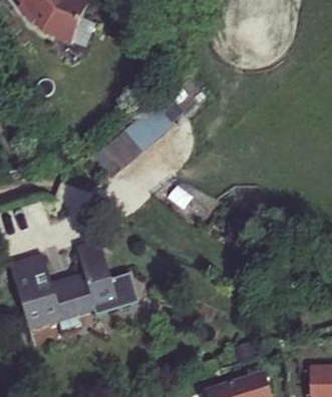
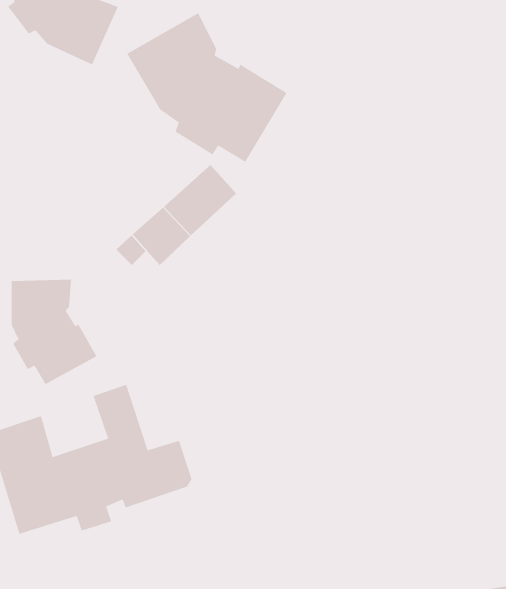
building: none -> [126,12,287,163]
building: none -> [11,279,98,385]

